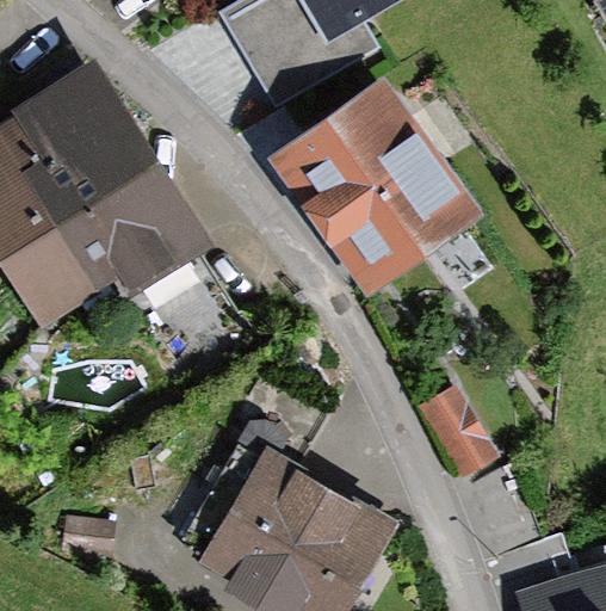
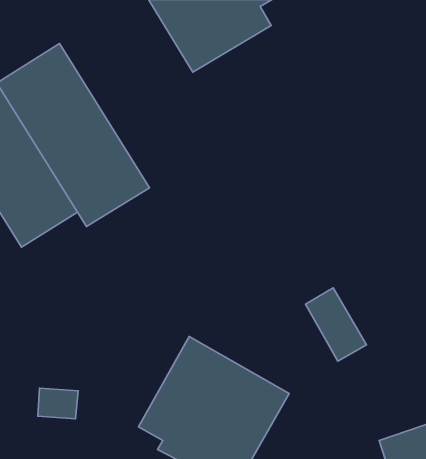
building: [258,67,474,289] -> none

